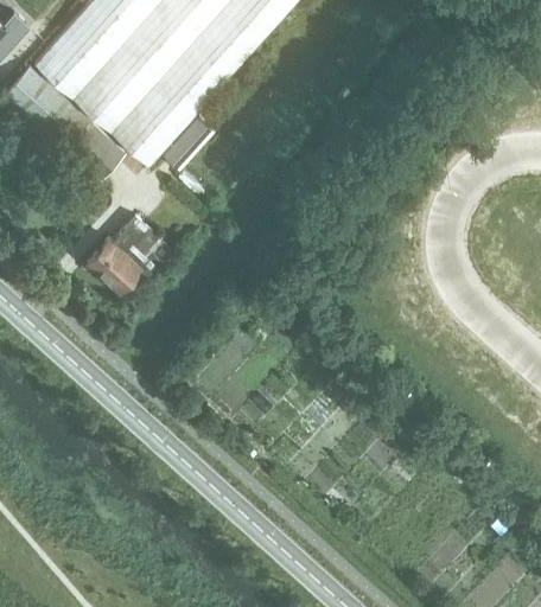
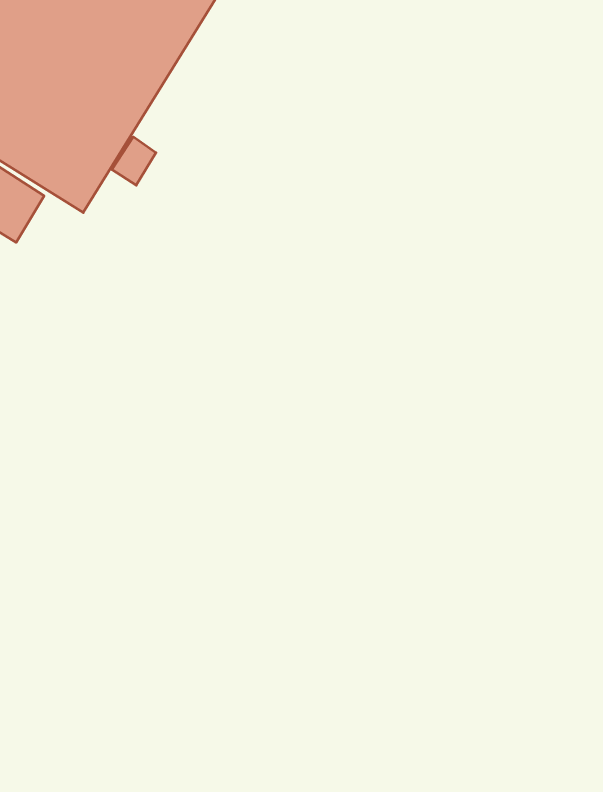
building: [89,215,164,292] -> none

